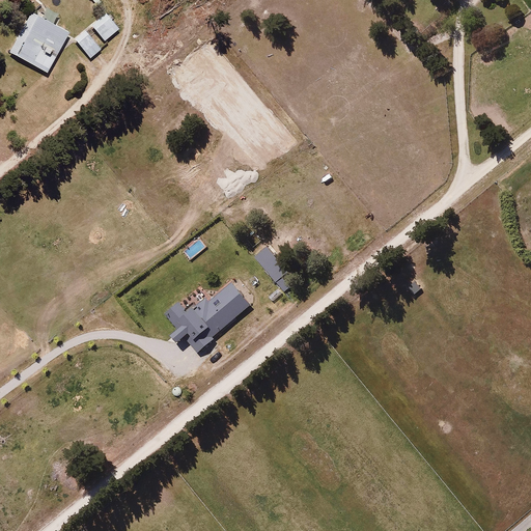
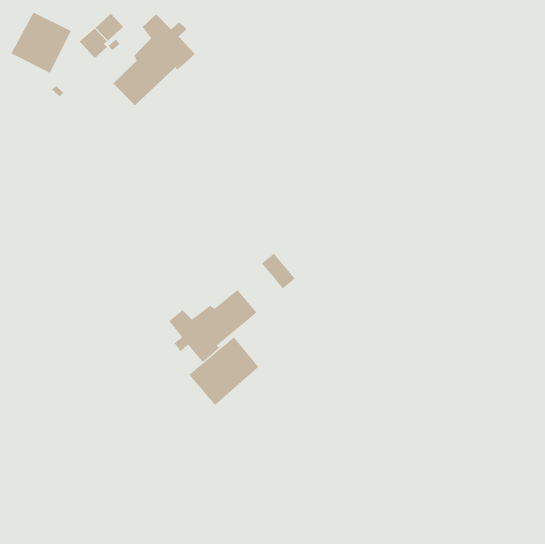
building: none -> [113,13,195,106]
building: none -> [189,337,259,406]

